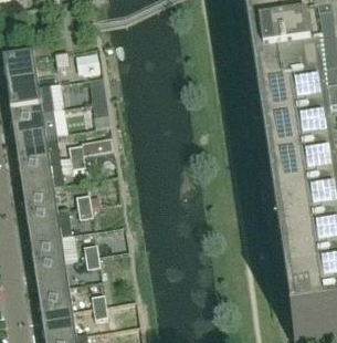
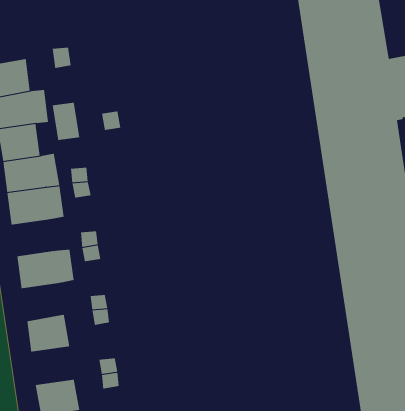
building: [22,184,56,212] -> none
building: [30,233,64,263] -> none
building: [38,283,72,313] -> none

